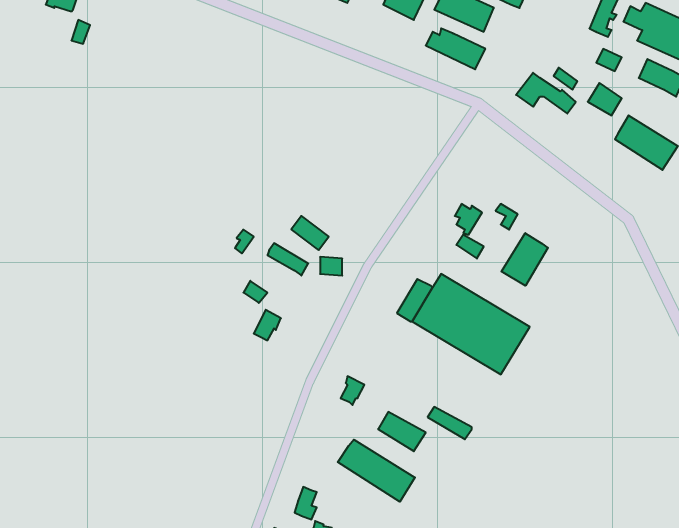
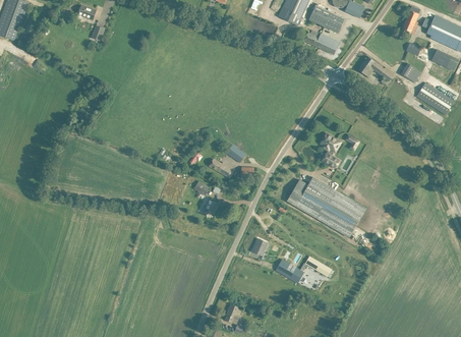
building: [501,233,548,286] -> none
building: [338,440,415,502] -> none

